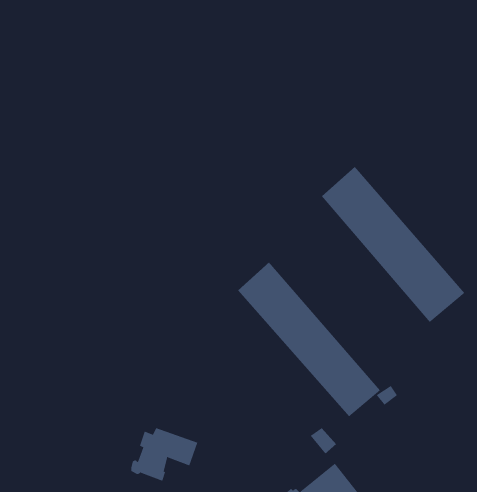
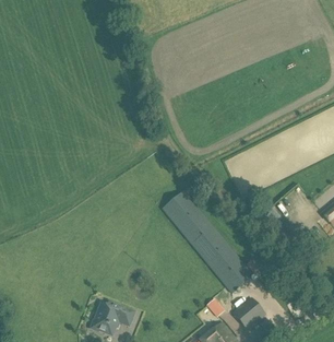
building: [321,166,465,323] -> none
building: none -> [234,297,267,330]

